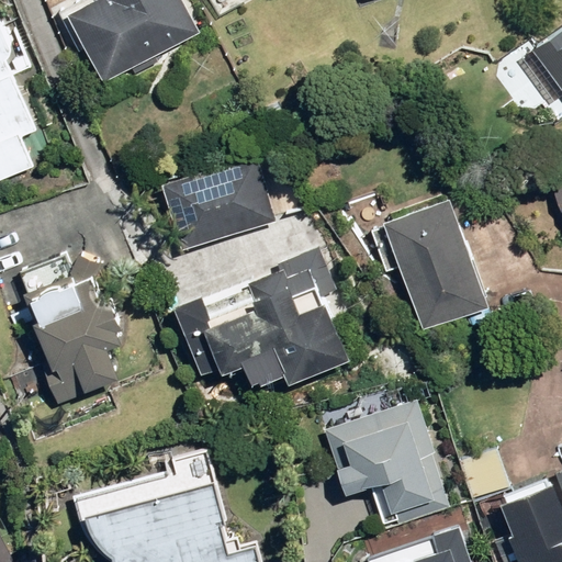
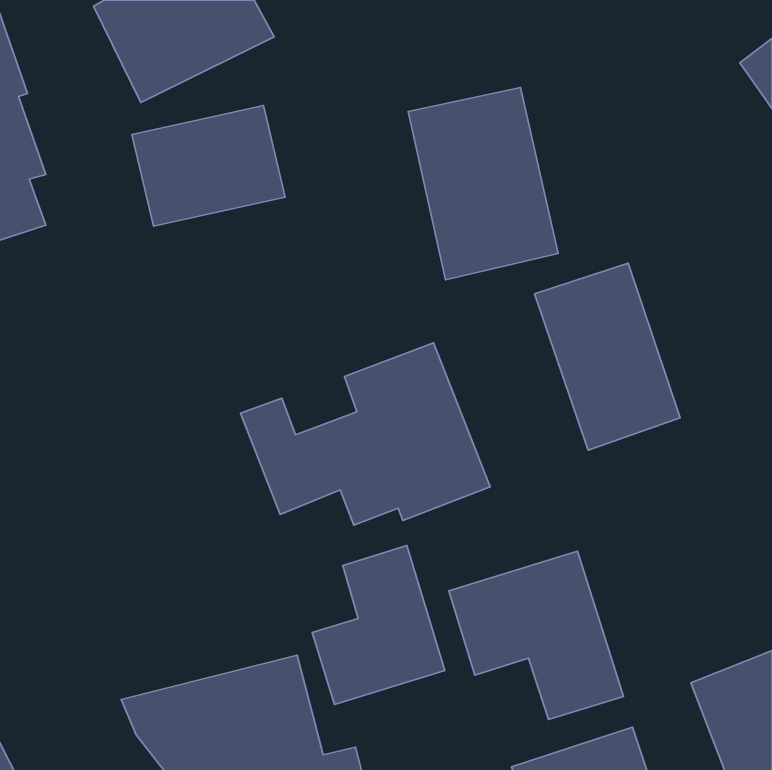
building: none -> [408,87,558,280]
building: [164,161,273,248] -> [132,105,285,226]
building: [23,255,126,403] -> none
building: none -> [312,545,445,704]

